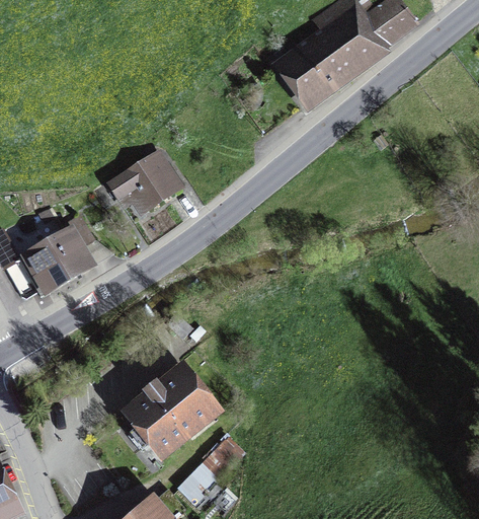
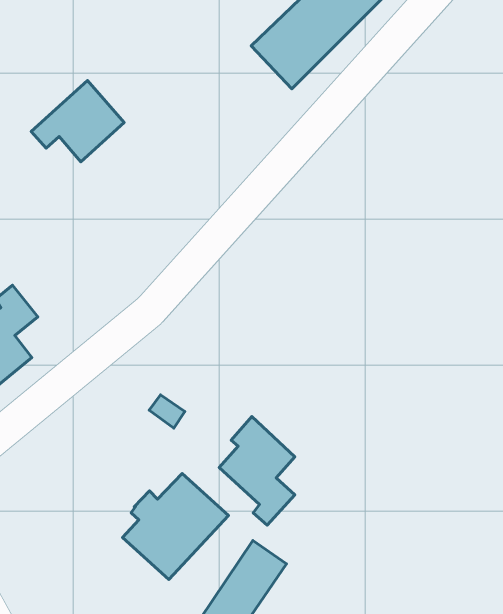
building: [109,153,179,213] -> [31,80,124,162]
building: none -> [219,417,295,525]

